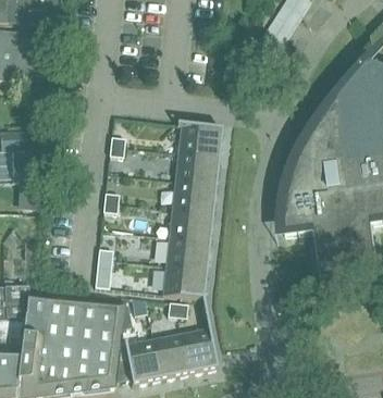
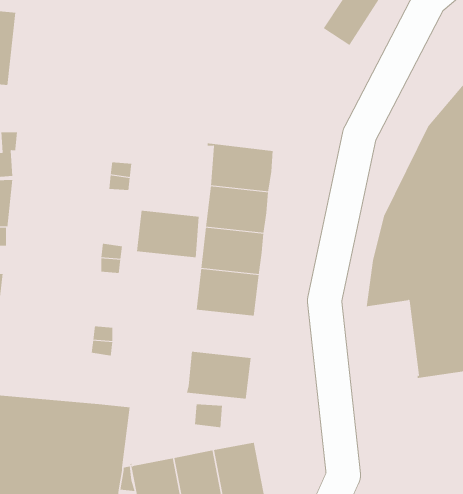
building: [164,236,208,269] -> [136,210,200,258]

